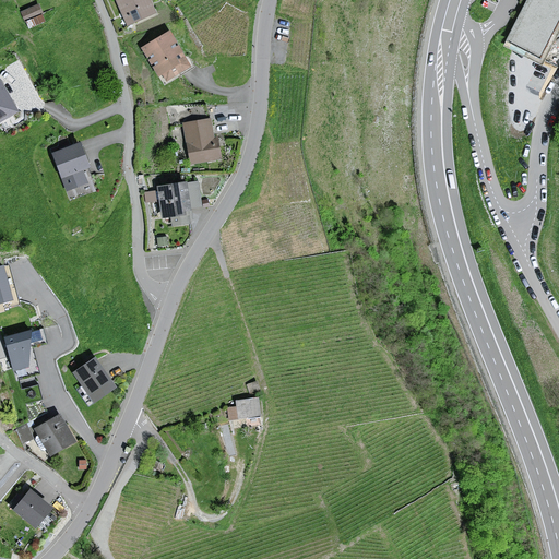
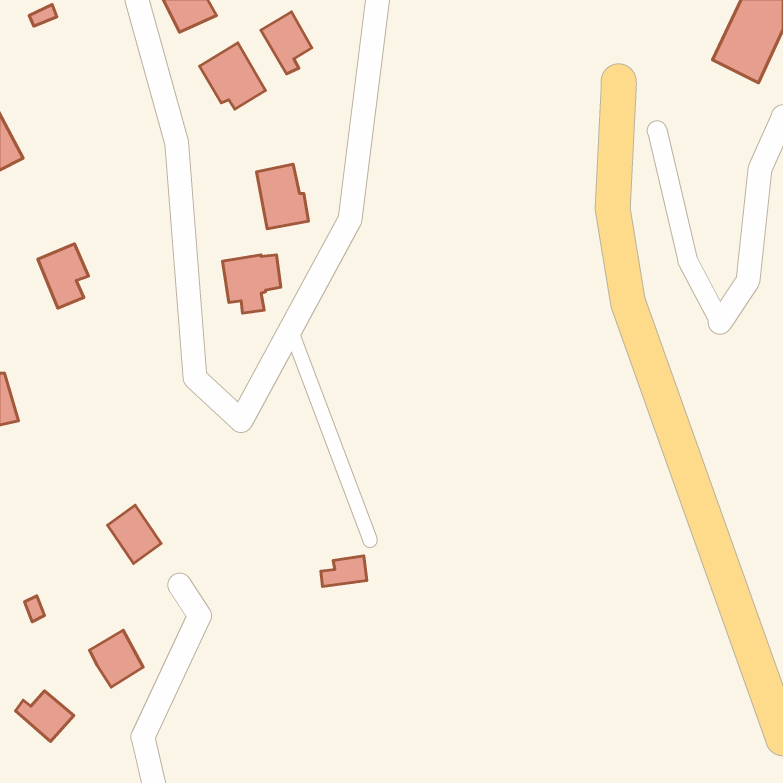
building: none -> [261,12,312,74]
building: [52,142,88,188] -> [38,244,88,308]
building: [5,332,32,369] -> none
building: [36,415,74,455] -> [90,630,143,687]

